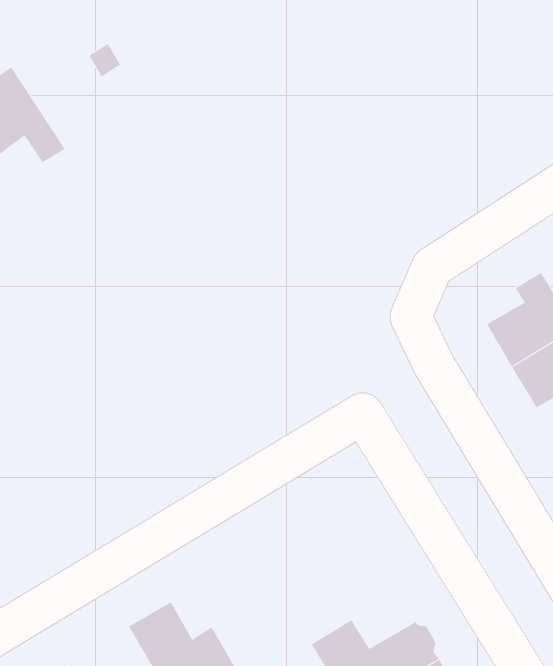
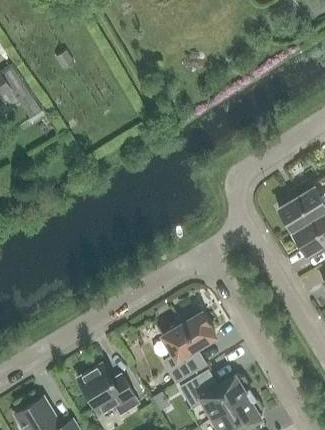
building: none -> [163,308,216,382]

